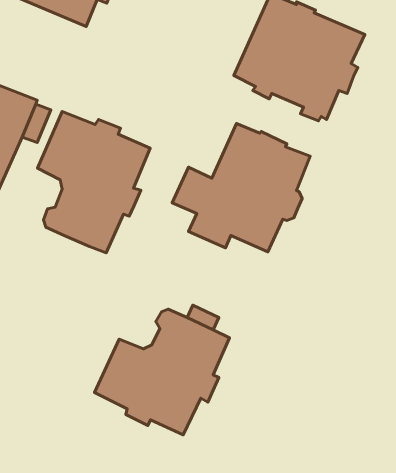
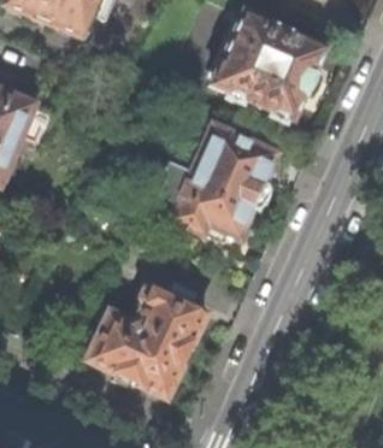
building: [38,111,150,253] -> none

